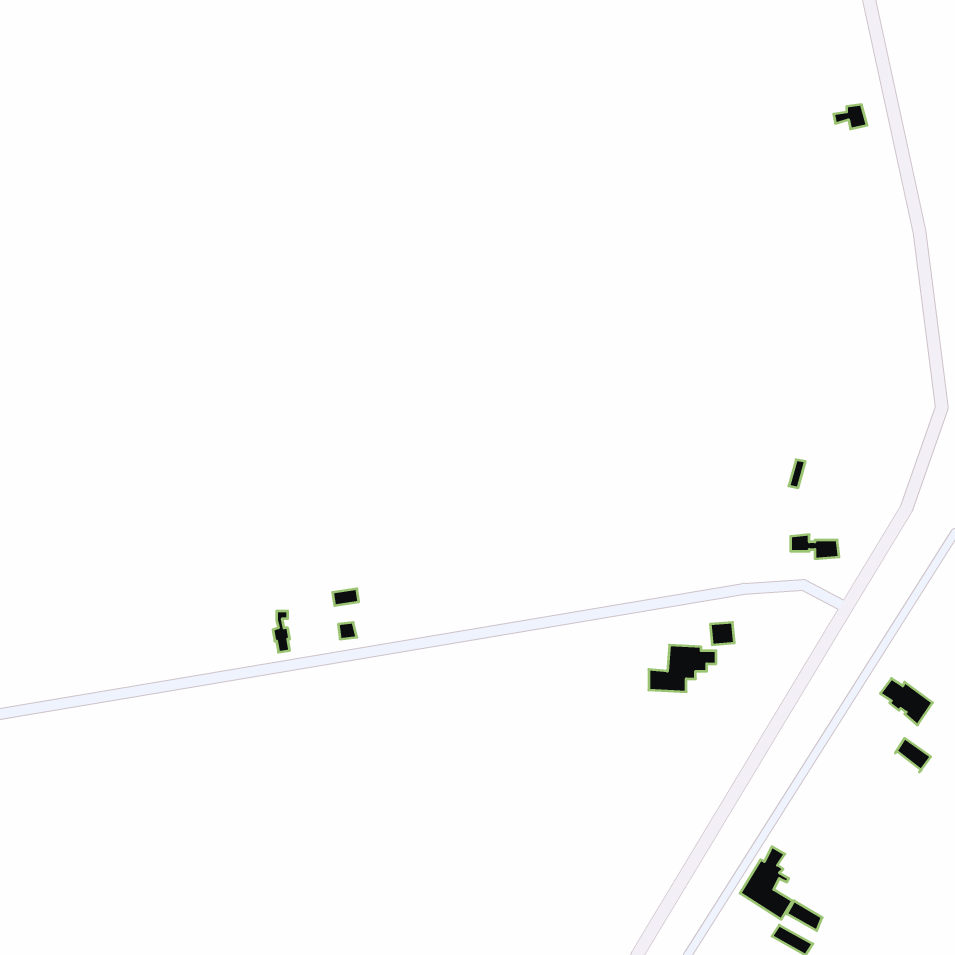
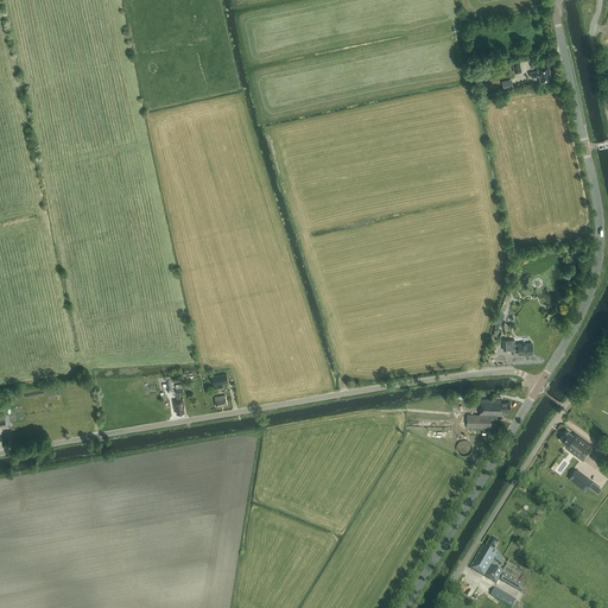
building: [649,645,716,692] -> [467,399,509,429]

